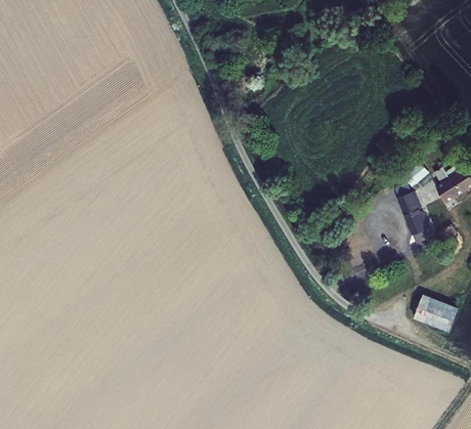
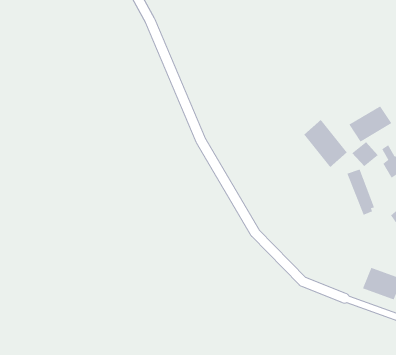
building: none -> [349,105,392,142]
building: none -> [303,119,348,168]

